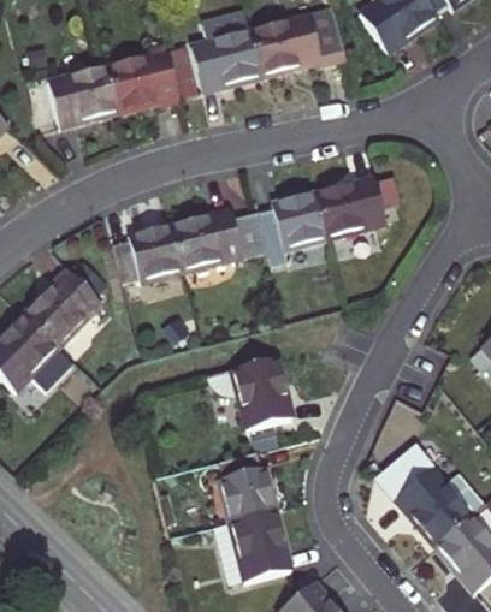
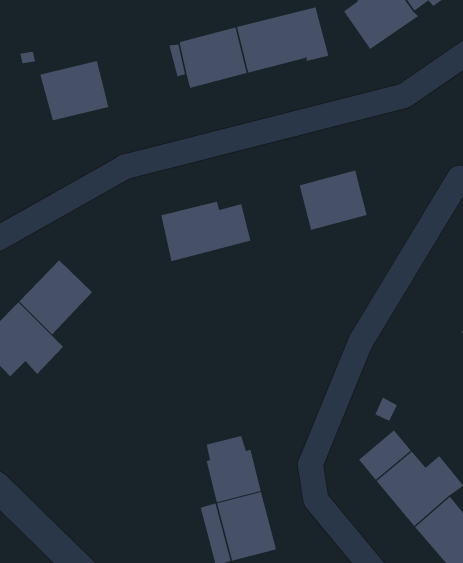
building: [107,47,179,111] -> none
building: [256,191,327,252] -> none
building: [113,222,183,281] -> none
building: [207,355,295,427] -> none

